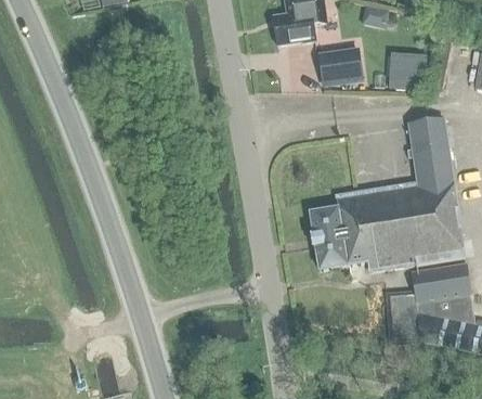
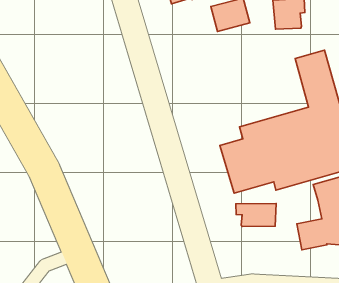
building: none -> [236,203,276,227]

